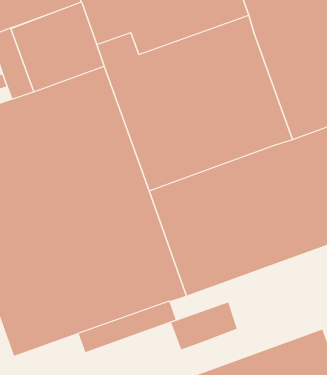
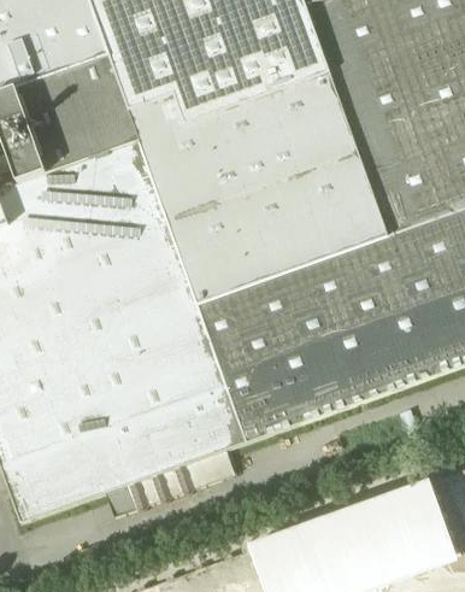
building: [170,301,238,350] -> none

